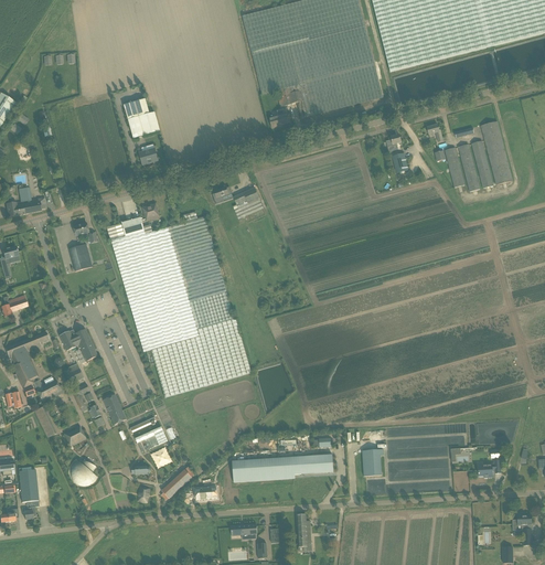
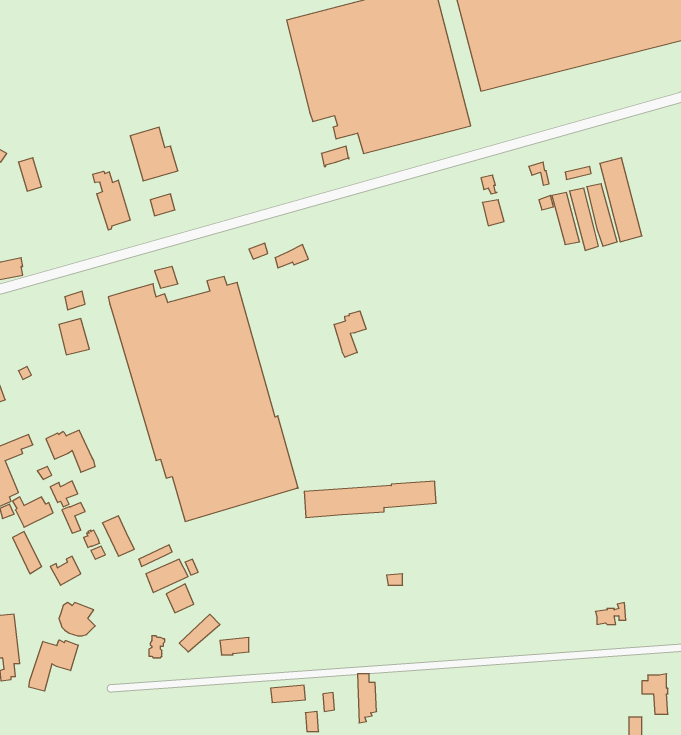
building: none -> [93,171,130,230]
building: none -> [334,311,366,357]
building: [362,448,383,476] -> none
building: [232,454,332,481] -> [304,481,436,518]
building: none -> [29,640,78,691]

